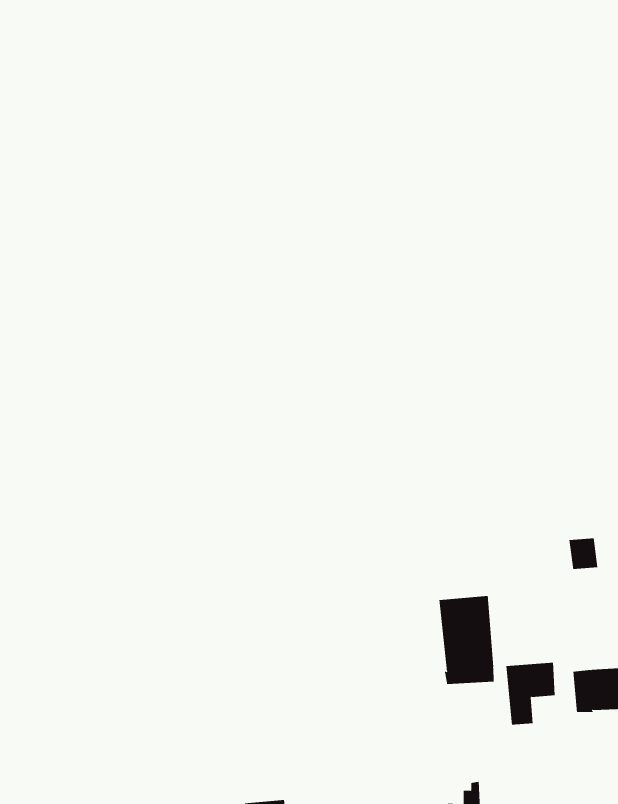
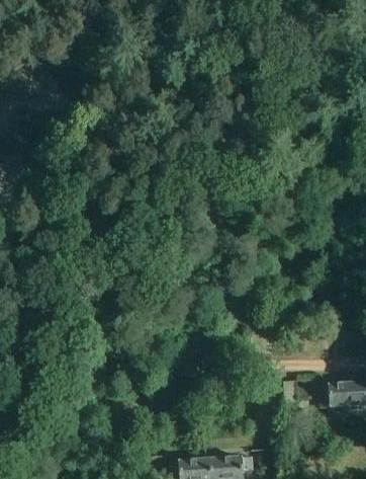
building: [439,595,494,685] -> none

